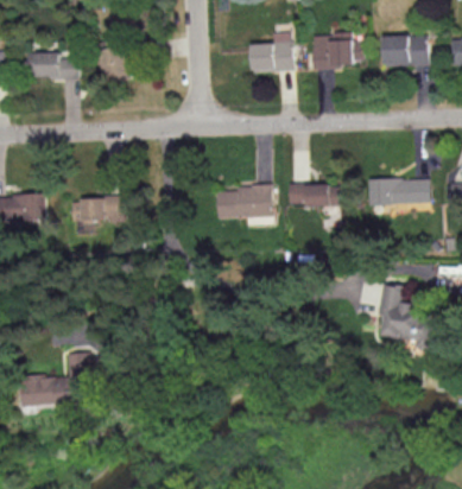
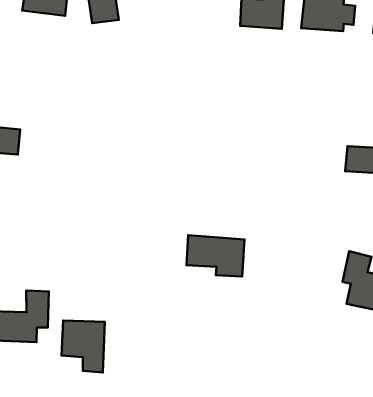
building: [287,183,337,207] -> none
building: [215,188,272,226] -> [187,235,245,277]
building: [69,198,122,223] -> none
building: none -> [62,320,105,373]

